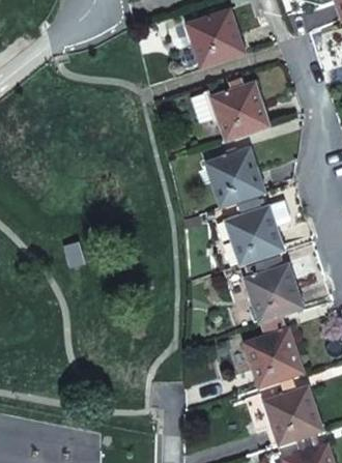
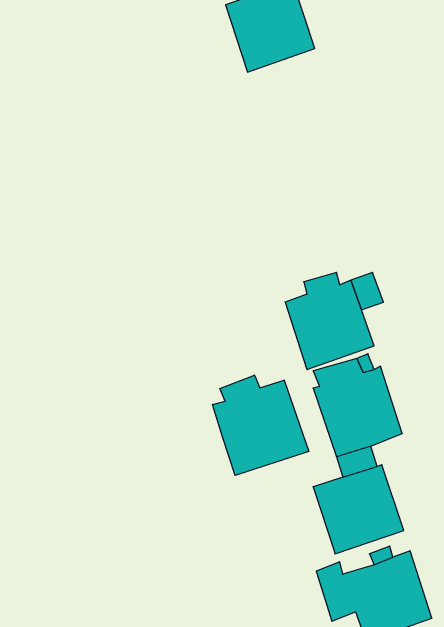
building: [190,82,269,141] -> none
building: [205,147,264,207] -> none
building: none -> [213,375,309,475]

